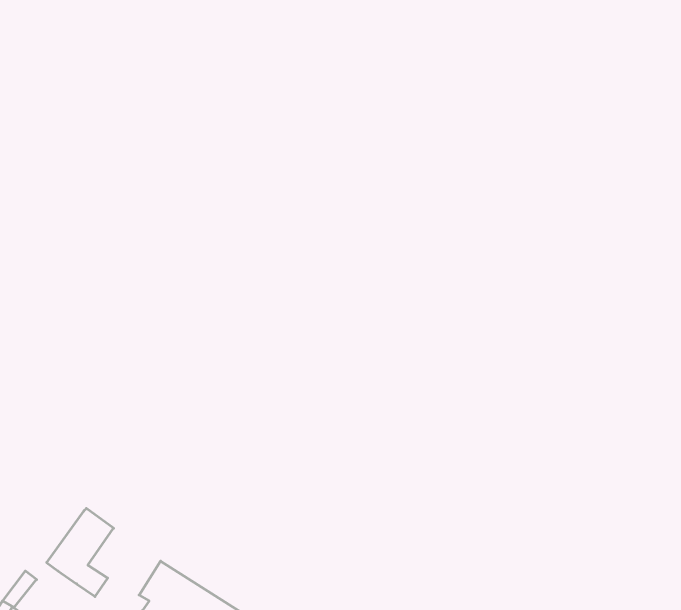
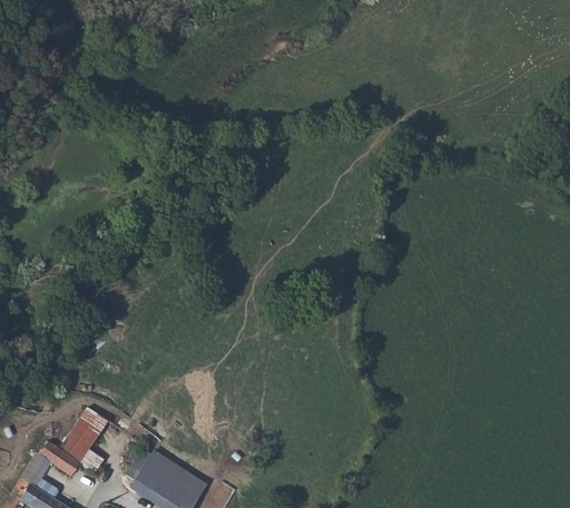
building: none -> [40,442,80,477]

